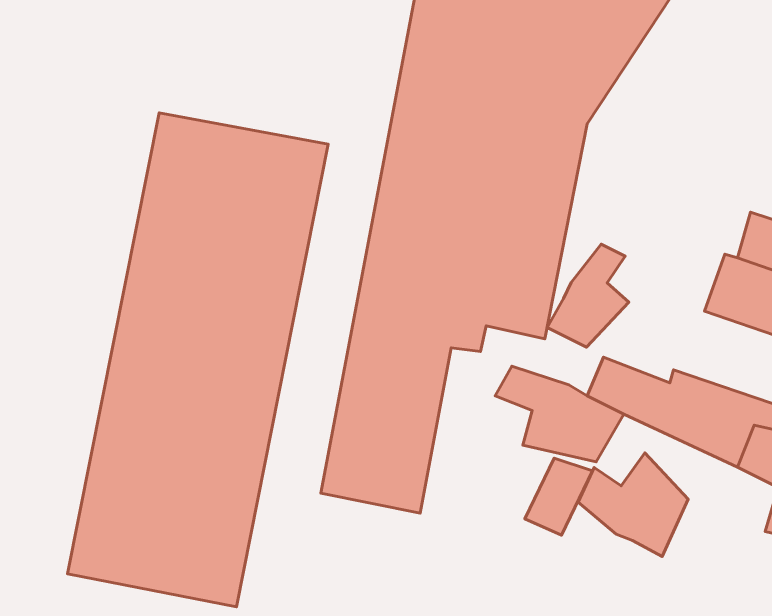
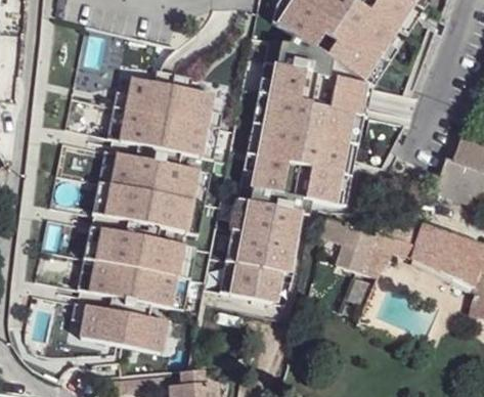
building: [547,244,629,347] -> none
building: [578,453,688,556] -> none

